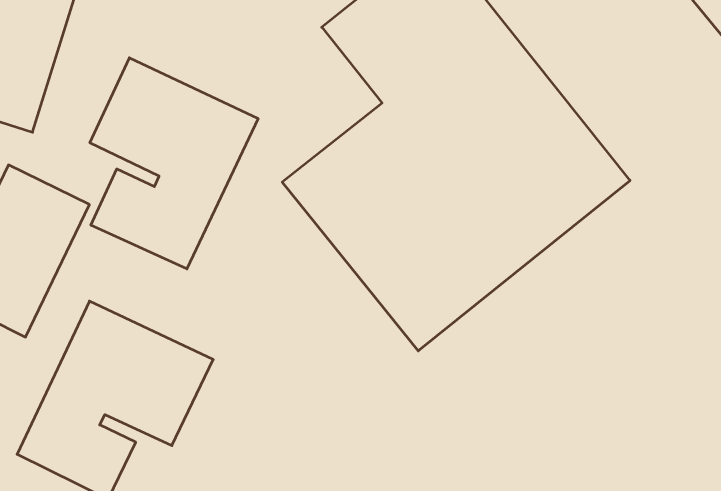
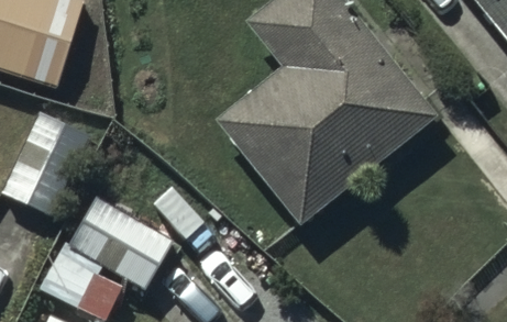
building: [90,58,258,269] -> none

